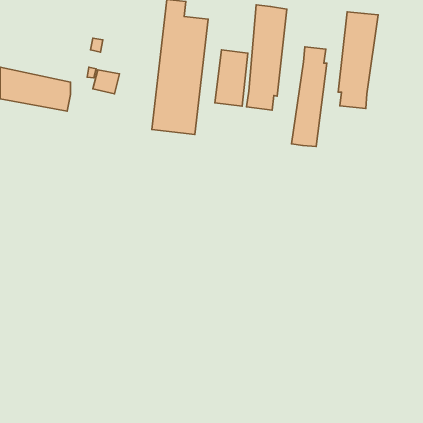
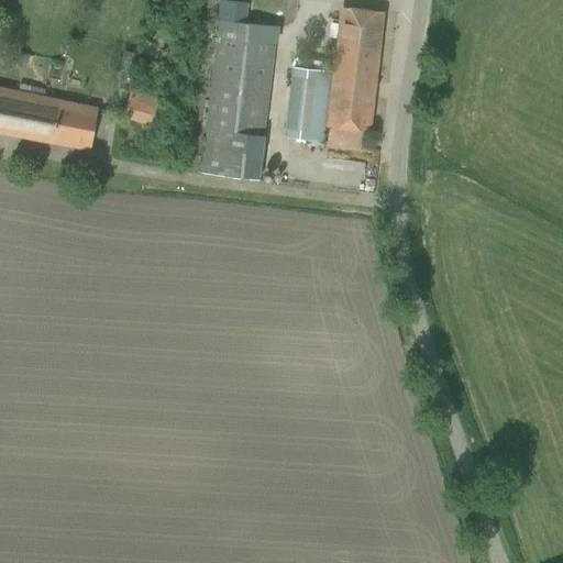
building: [338,12,378,108] -> none
building: [291,47,327,146] -> none

